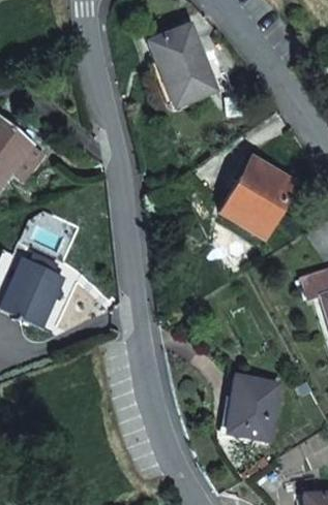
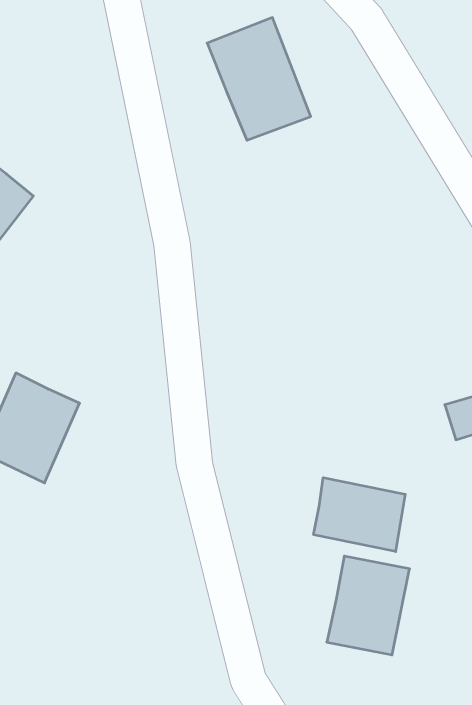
building: [218,159,293,236] -> none
building: none -> [314,478,405,552]

